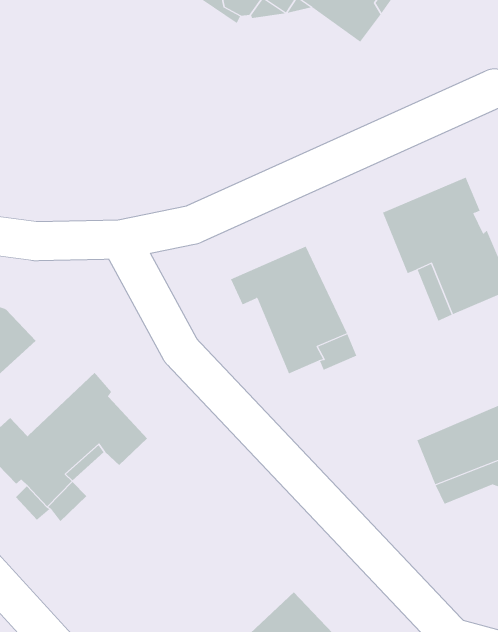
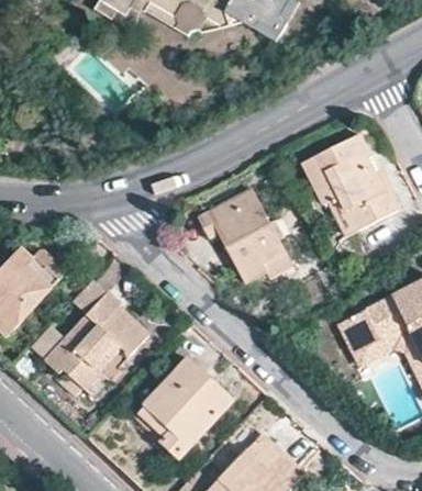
building: none -> [135,358,234,458]

